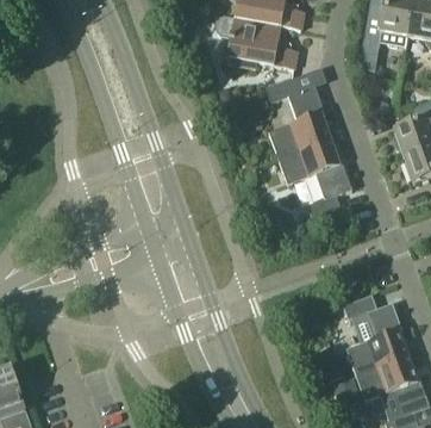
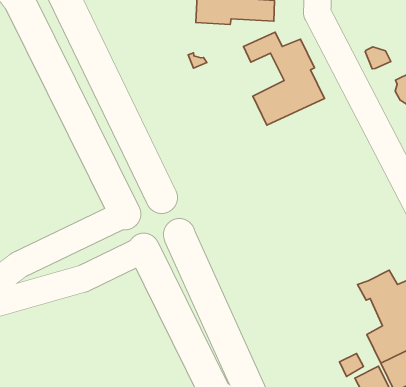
building: [277,139,351,219] -> none

